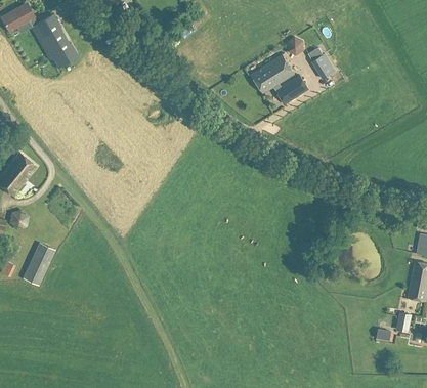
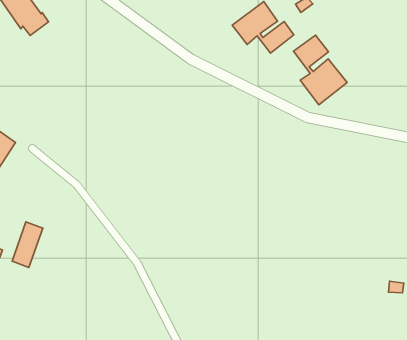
building: none -> [294,35,347,105]

